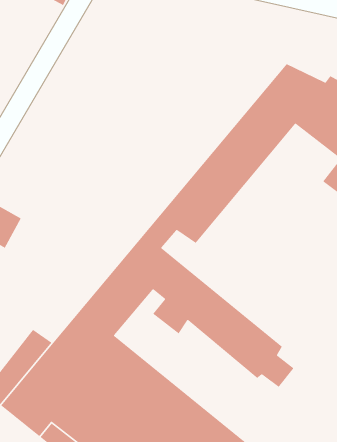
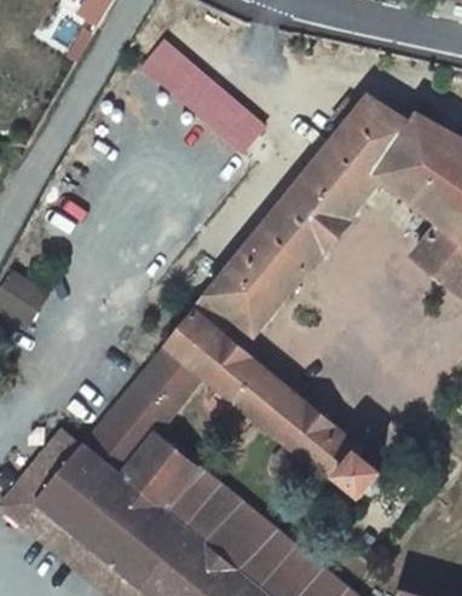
building: none -> [134,39,261,157]

